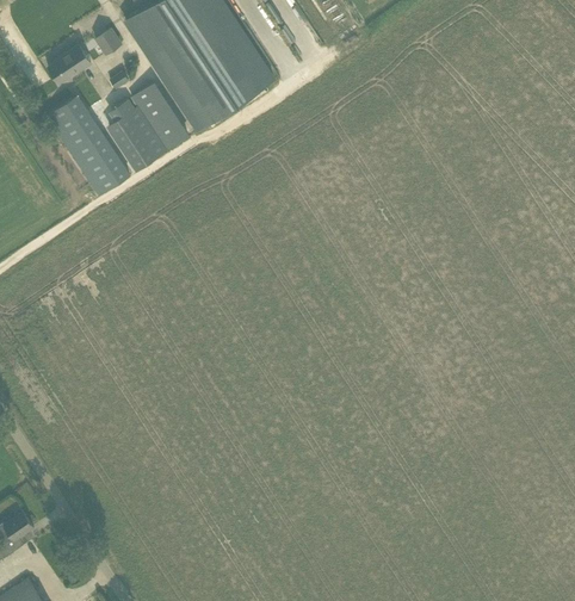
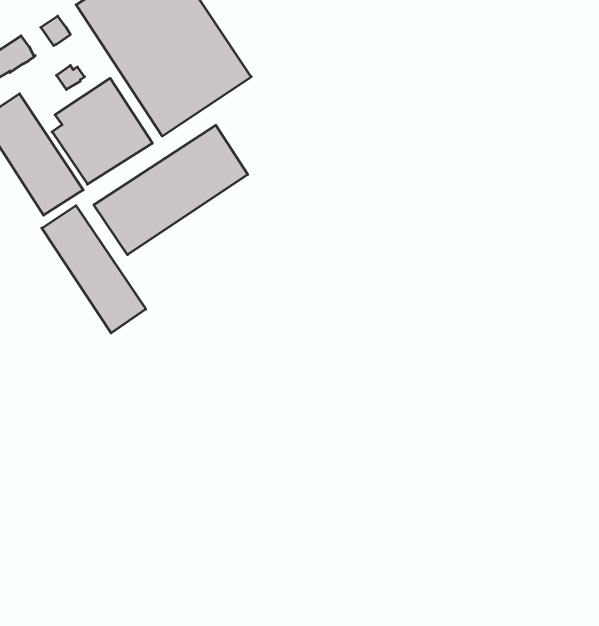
building: none -> [94,125,248,255]
building: none -> [42,206,146,333]

